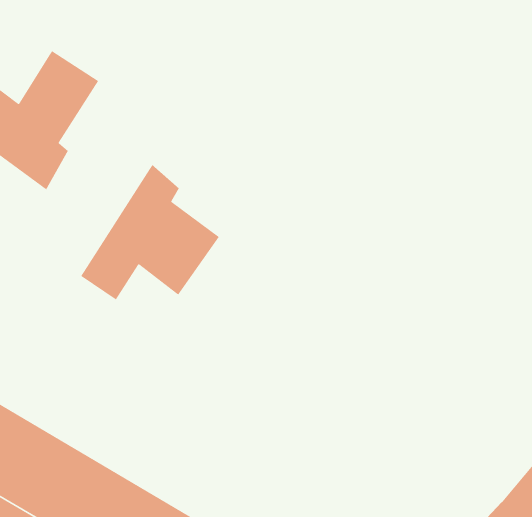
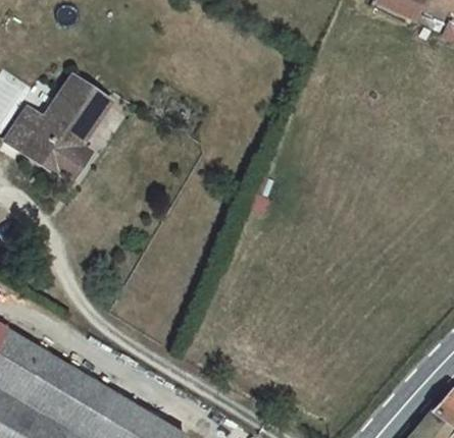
building: [80,164,220,300] -> none

